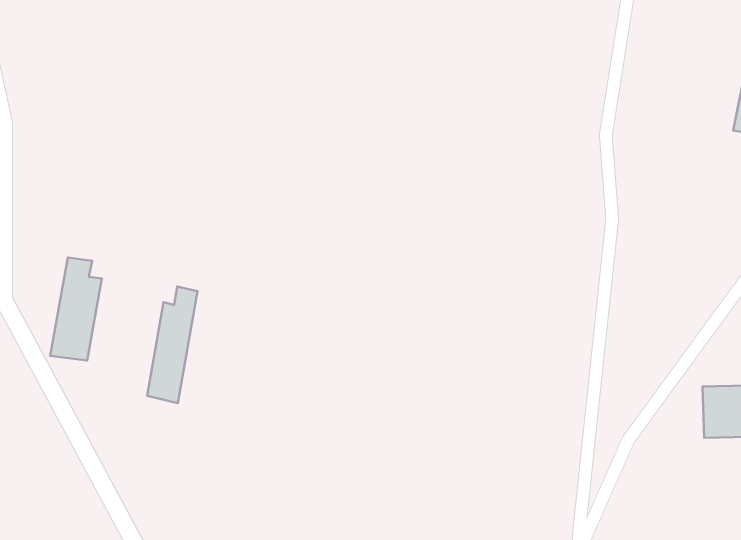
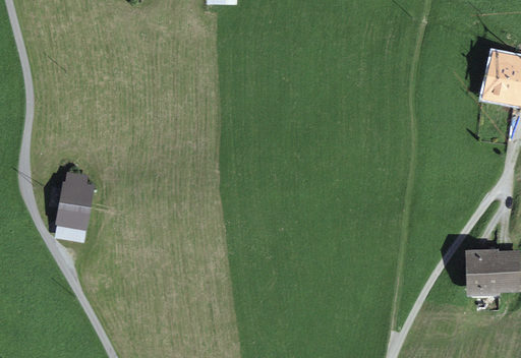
building: [147,286,197,403] -> none

